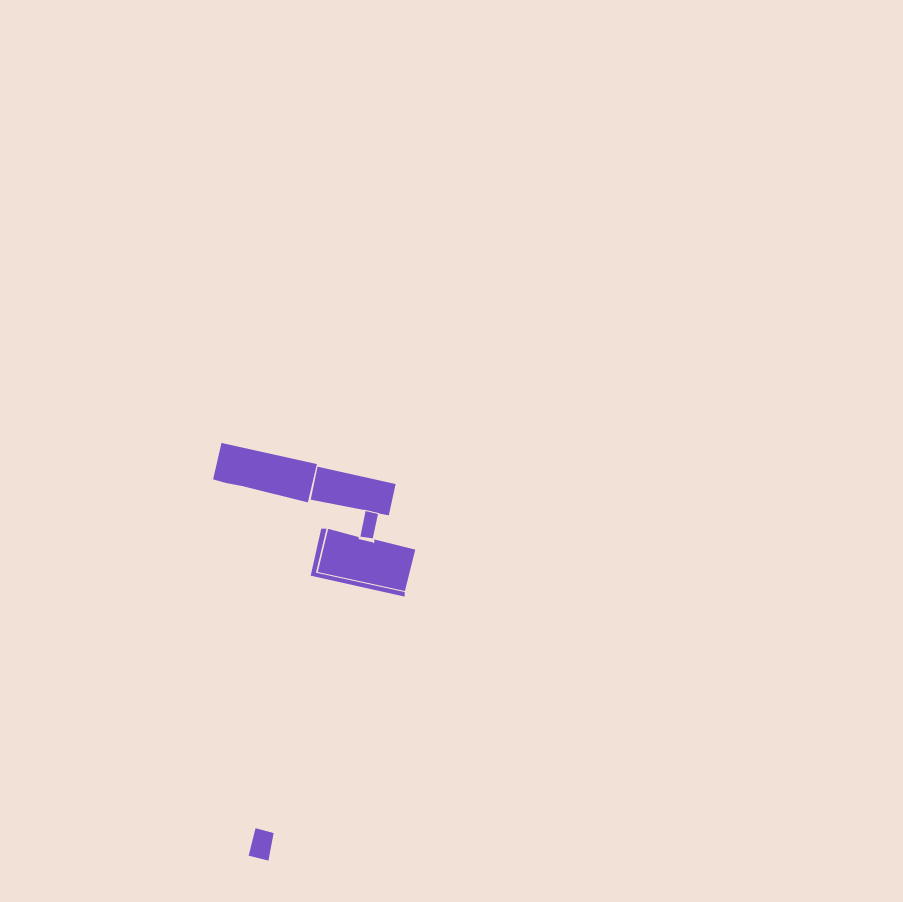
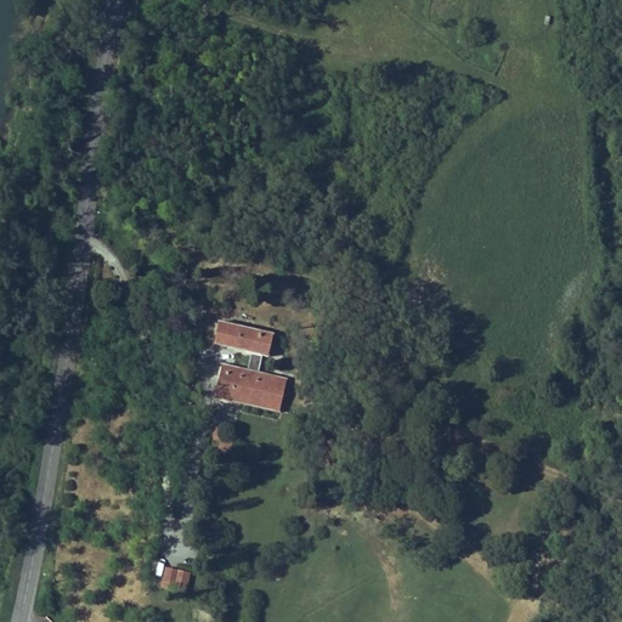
building: [213,442,318,503] -> none

